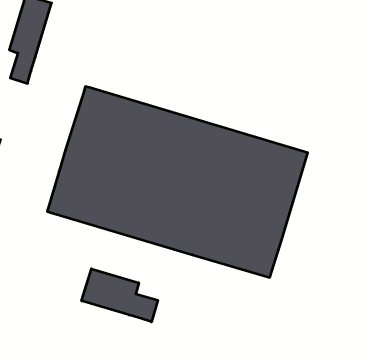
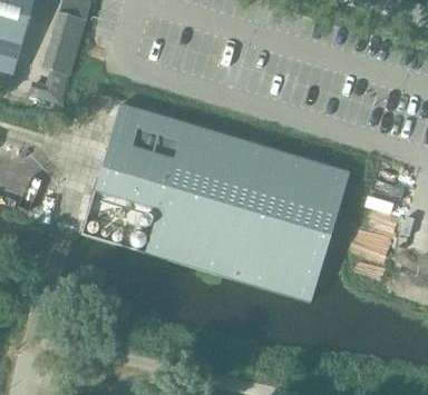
building: [82,269,158,322] -> none

